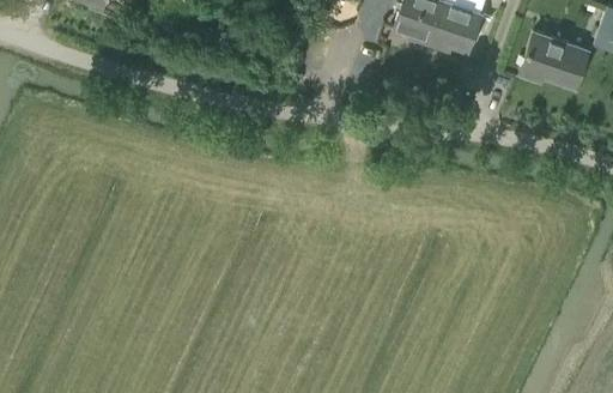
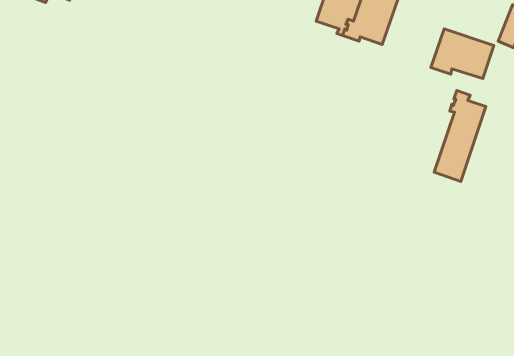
building: none -> [434,91,486,182]

